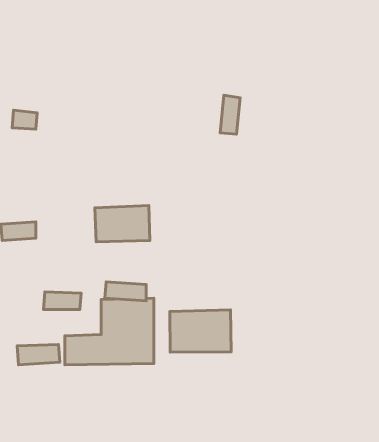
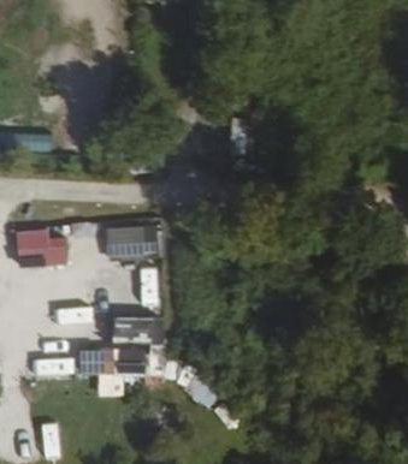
building: [170,310,231,352] -> none

